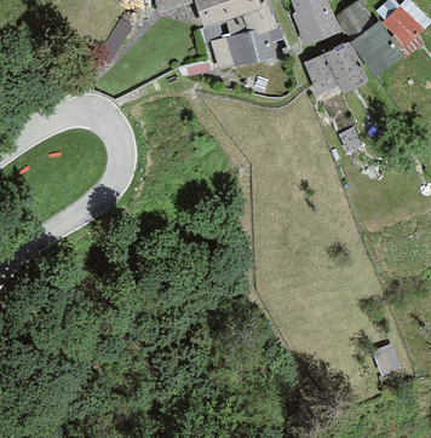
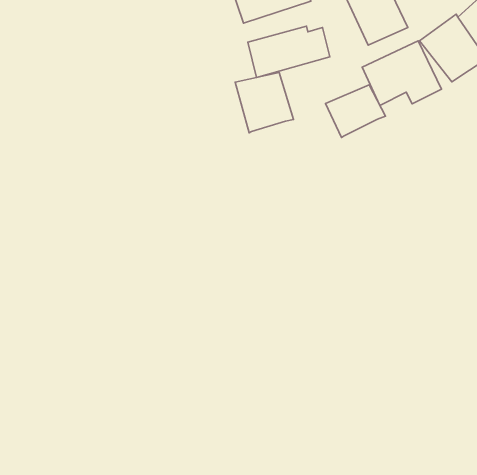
building: none -> [235,73,293,133]
building: none -> [326,85,385,137]

